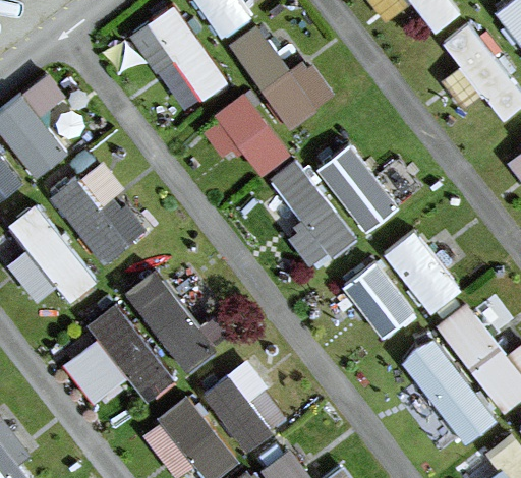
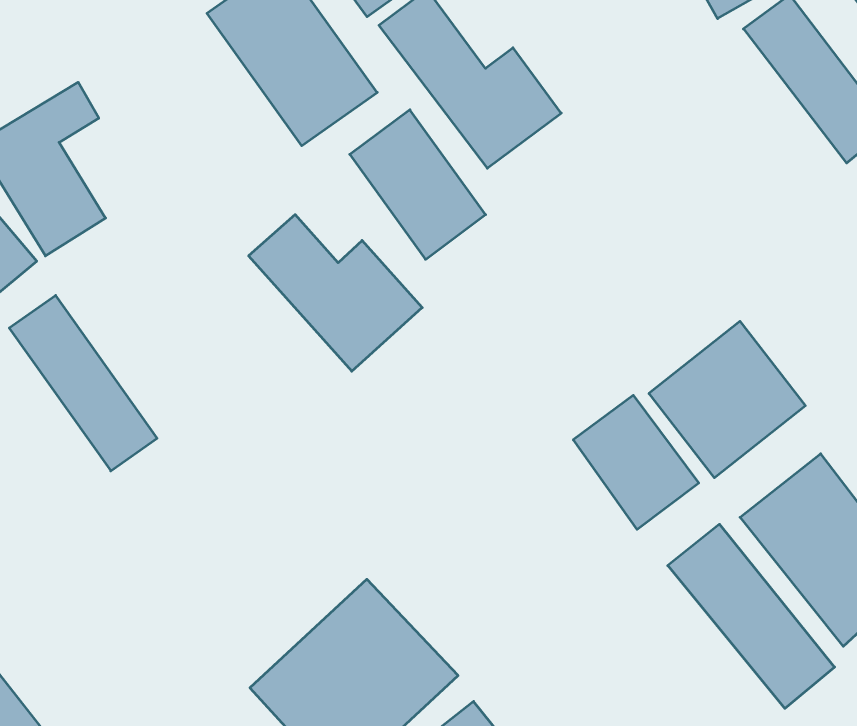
building: [248,140,400,275] -> none
building: [47,173,150,265] -> [249,215,422,371]
building: [62,256,232,400] -> none

